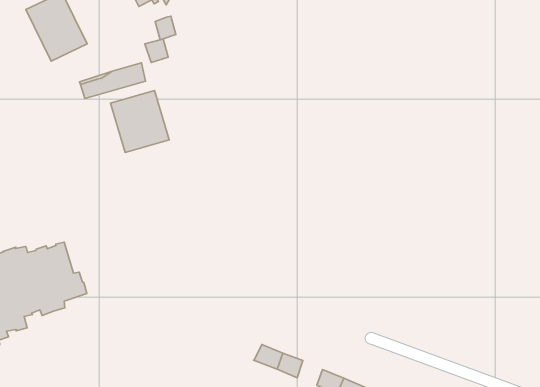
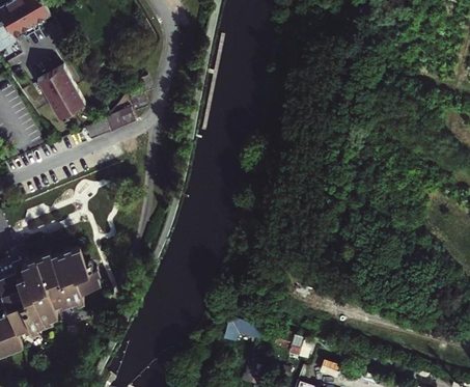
building: [111,90,169,152] -> none

